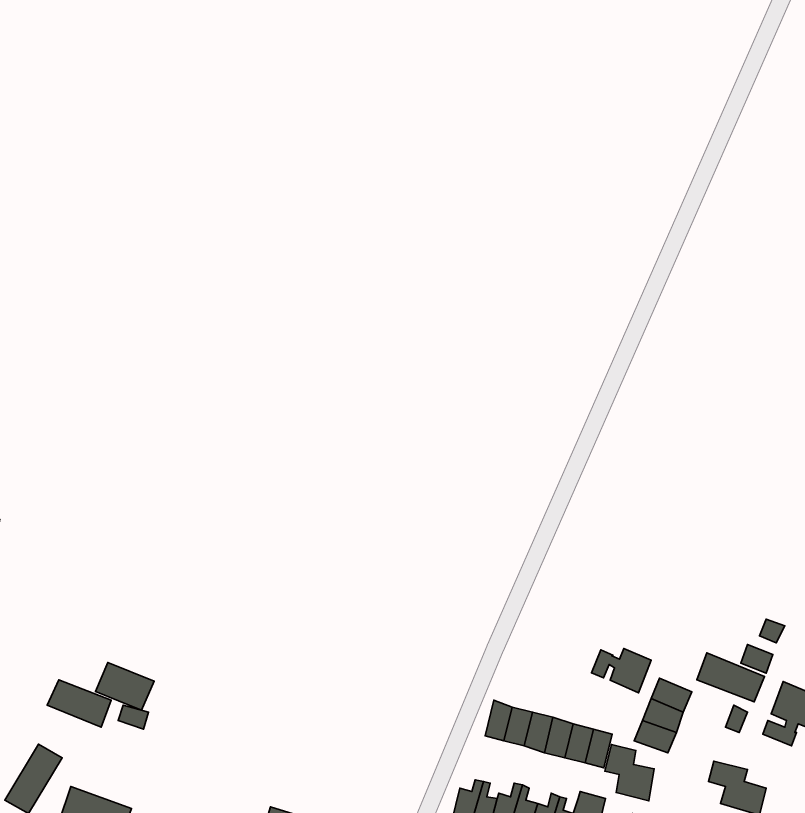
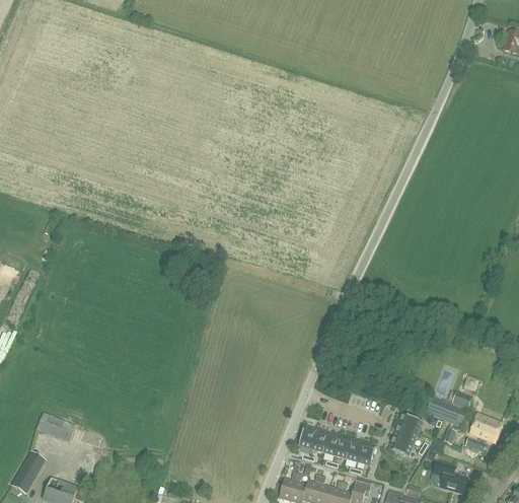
building: [592,649,651,693] -> none
building: [95,662,154,710] -> none
building: [605,745,654,801] -> none

